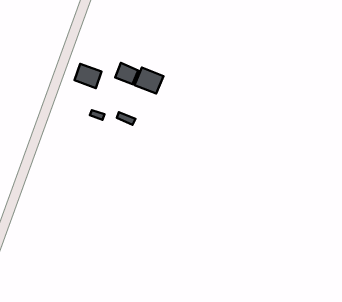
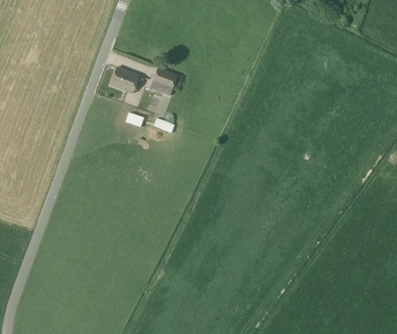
building: [135,68,163,94] -> none

